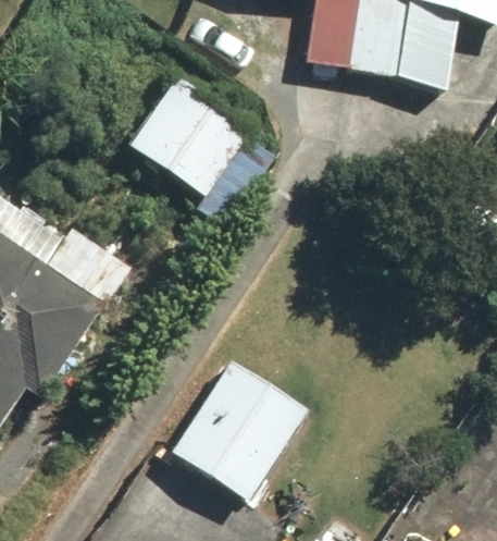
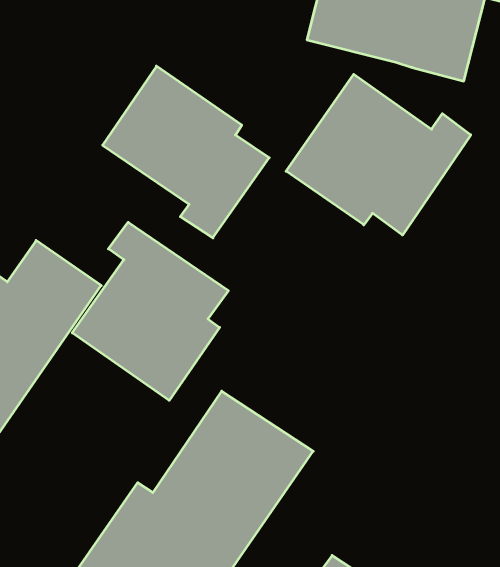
building: none -> [286,74,471,235]
building: none -> [72,222,228,400]

